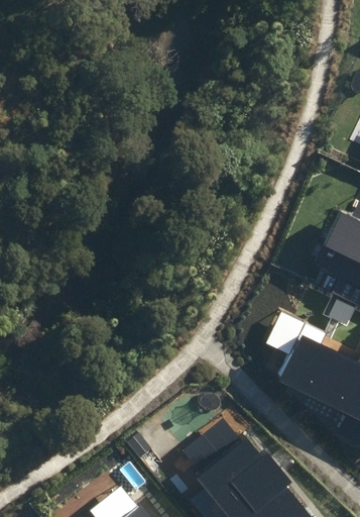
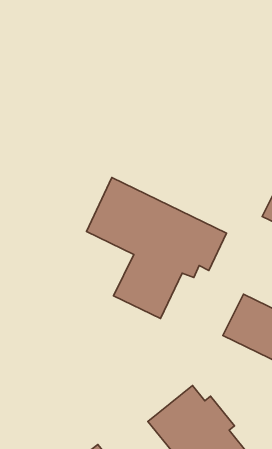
building: none -> [86,178,226,318]

